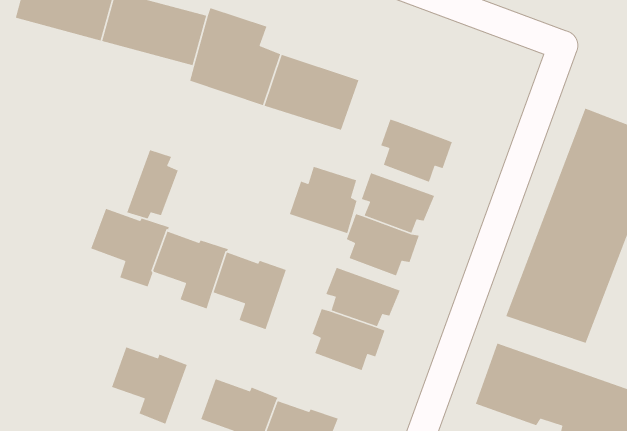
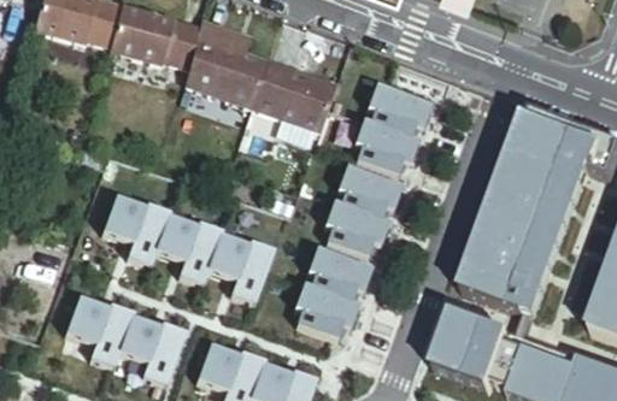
building: none -> [365,82,430,135]
building: [126,149,179,219] -> none
building: [289,166,357,234] -> none
building: none -> [63,296,131,366]

